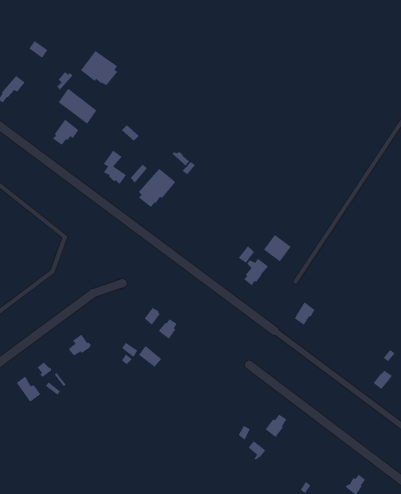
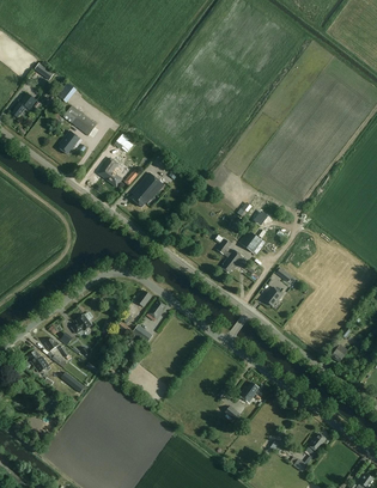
building: [80,50,118,86] -> none

